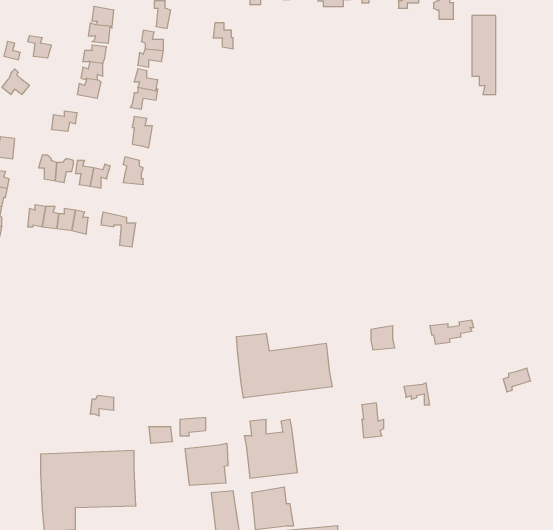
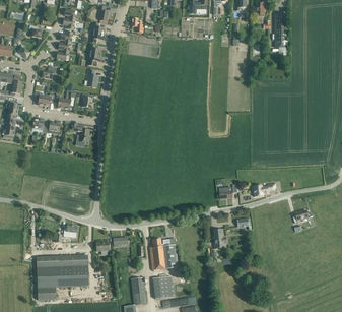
building: [236,333,332,398] -> none
building: [185,443,228,485] -> none

